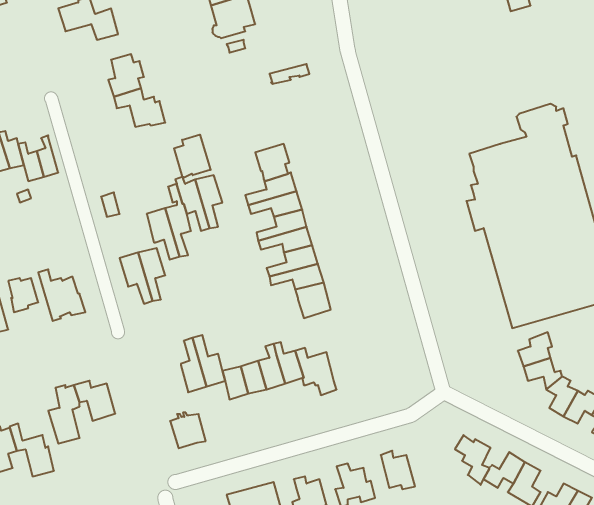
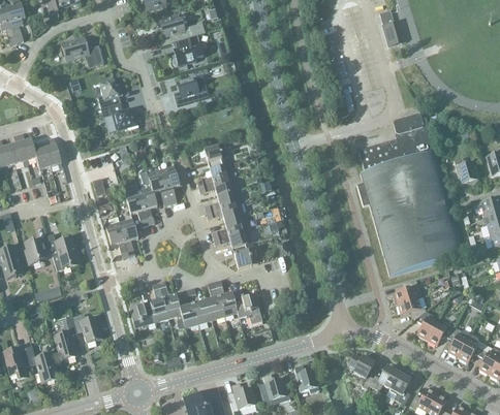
building: none -> [175,75,208,104]
building: [174,135,211,177] -> none
building: [170,413,206,448] -> [129,301,155,327]

